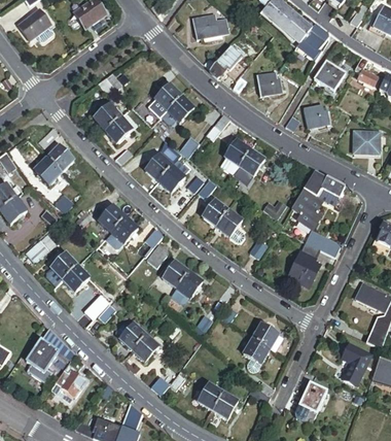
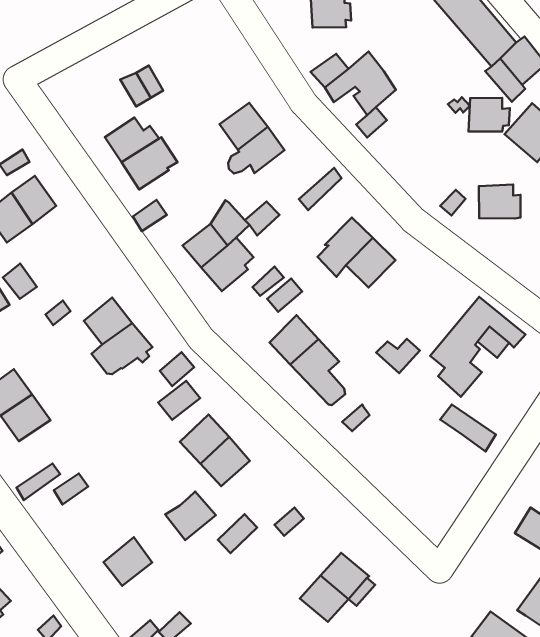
building: [258,71,282,93] -> [468,98,510,131]
building: [287,241,318,285] -> none
building: [118,323,146,350] -> [165,491,216,540]

